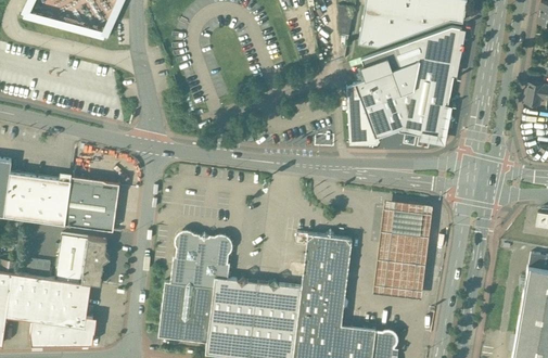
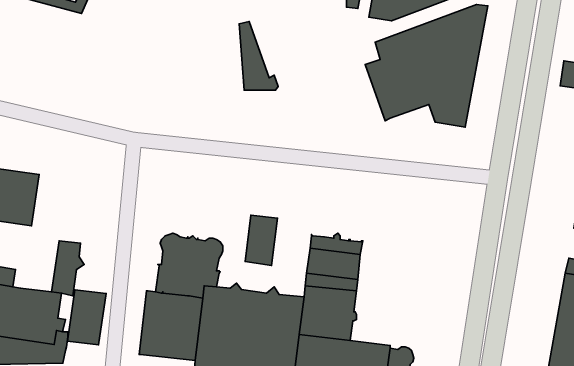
building: [345,86,379,145] -> [239,21,278,90]
building: [64,181,114,231] -> none
building: [373,201,432,299] -> none
building: none -> [245,215,278,265]
building: [54,235,88,283] -> [67,290,106,345]

